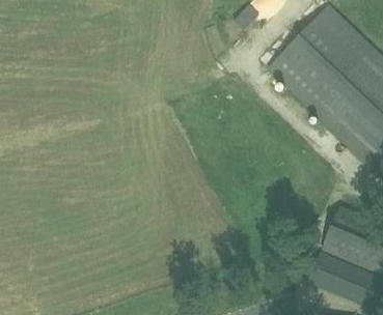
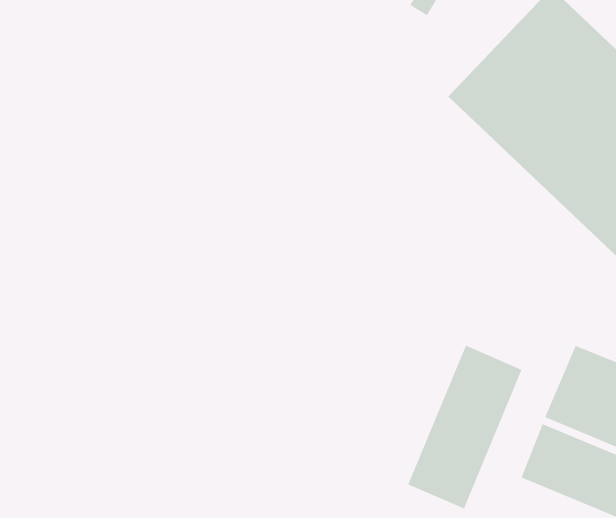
building: none -> [407,345,523,510]

